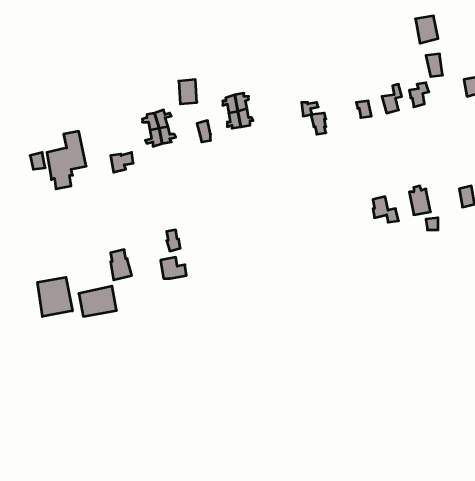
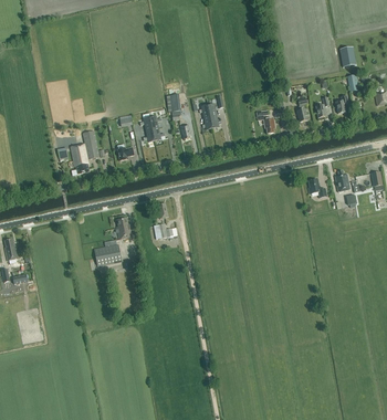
building: [38,277,72,317] -> none

